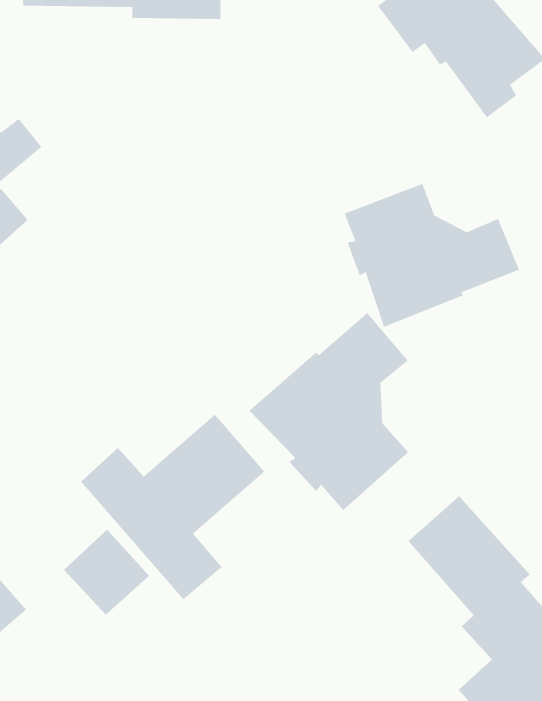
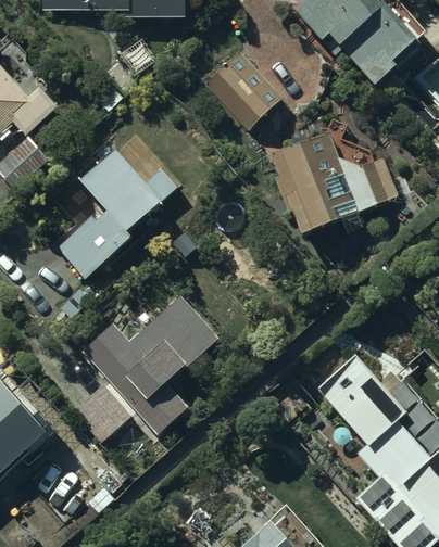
building: none -> [206,48,283,125]
building: none -> [59,151,176,277]
building: [249,312,409,511] -> none

